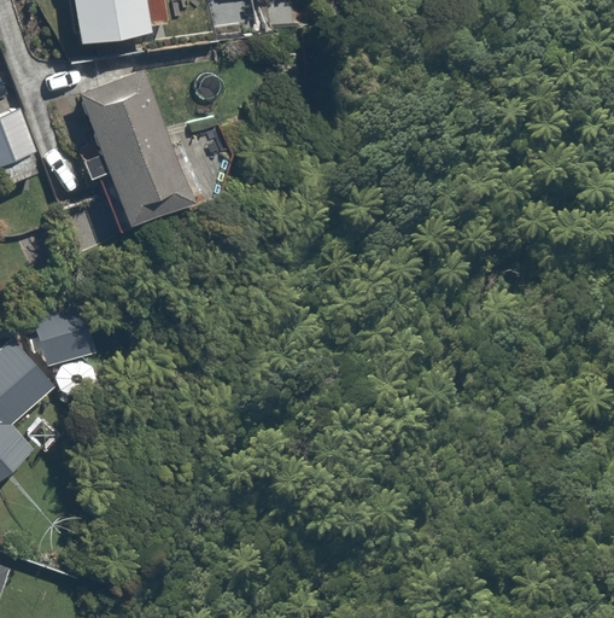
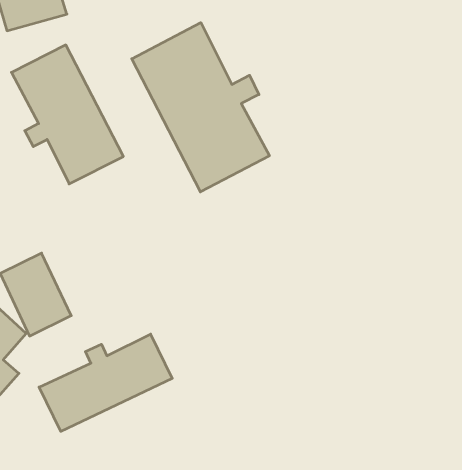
building: none -> [132,23,269,192]
building: none -> [39,334,172,431]

